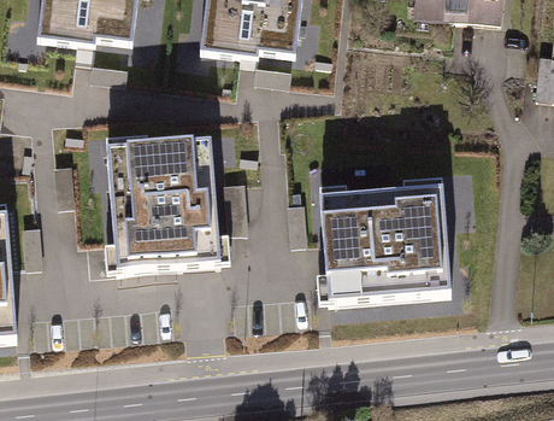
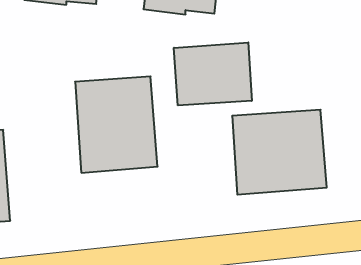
building: none -> [174,42,252,105]

